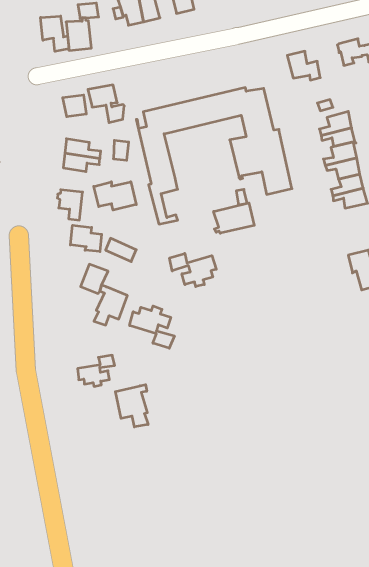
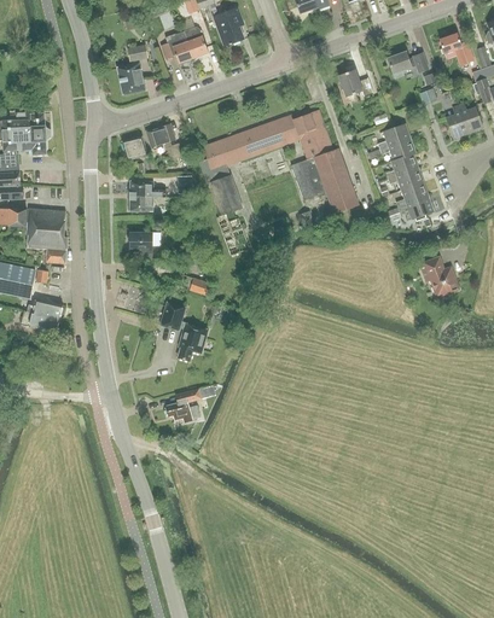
building: [41,16,69,51] -> none
building: [94,182,136,210] -> none
building: [214,203,254,233] -> none
building: [70,225,102,252] -> none
building: [170,253,216,287] -> none
building: [130,306,174,348] -> none
building: [115,385,148,427] -> none

